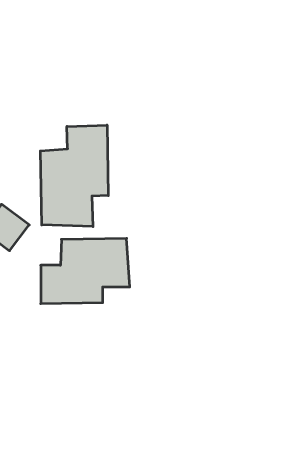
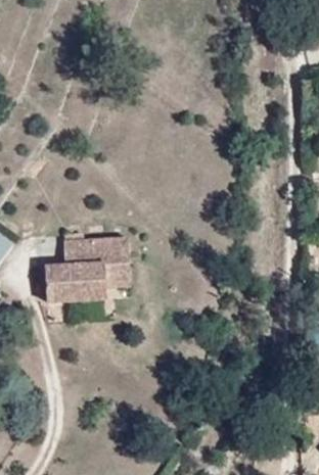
building: [40,125,108,227] -> none

